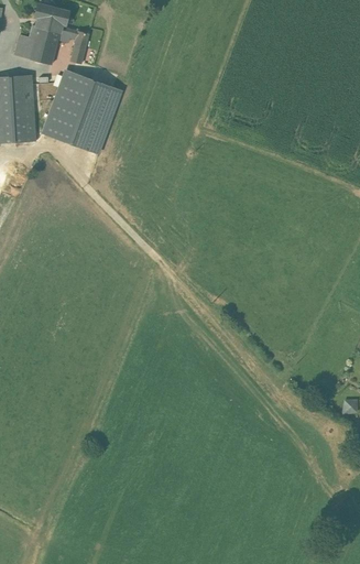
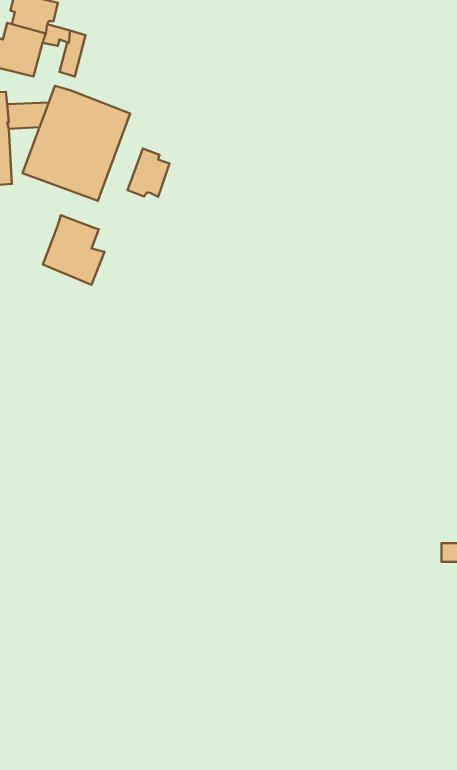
building: none -> [127,149,169,197]
building: none -> [43,215,104,285]

